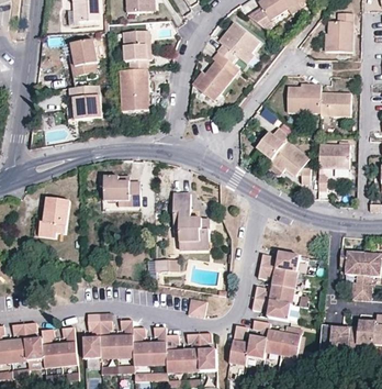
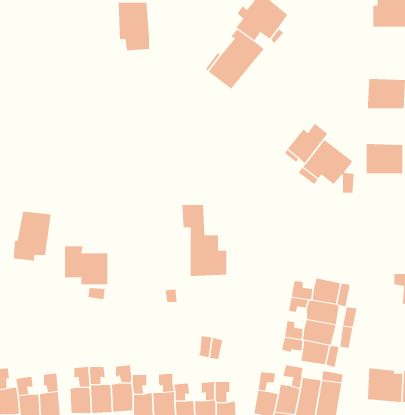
building: [69,40,97,77] -> none
building: [119,69,149,112] -> none
building: [67,85,101,121] -> none
building: [286,87,321,113] -> none
building: [104,175,139,205] -> [64,246,108,285]

